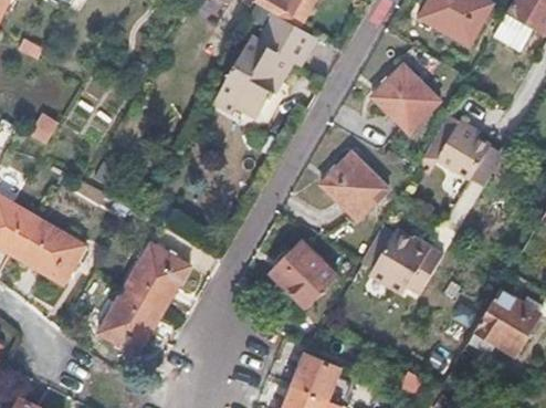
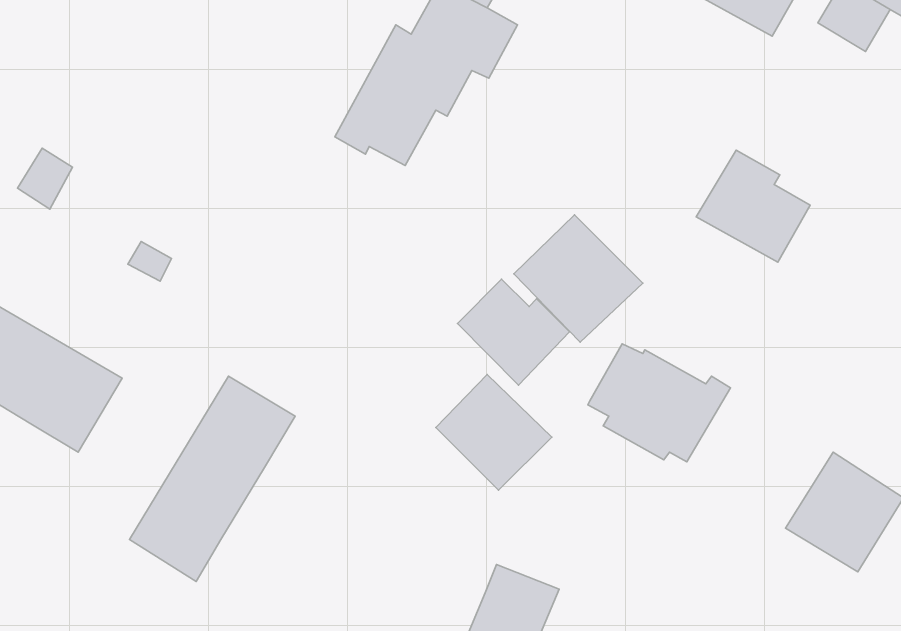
building: [367,59,444,135] -> none
building: none -> [457,279,570,385]

